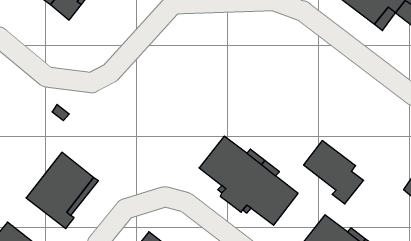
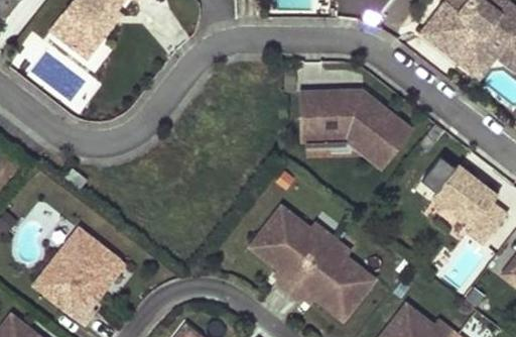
building: none -> [297,88,407,166]
building: [304,141,364,204] -> [430,165,505,244]

